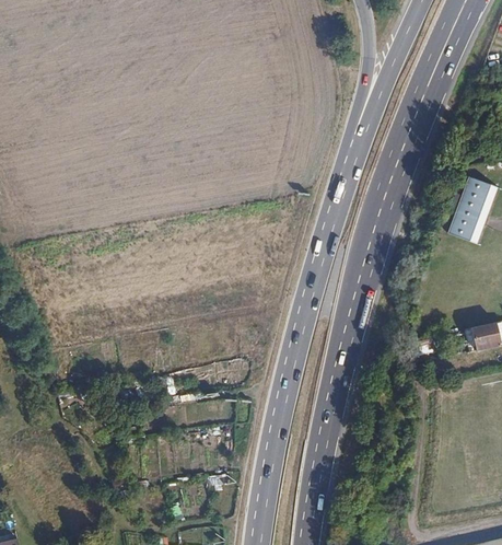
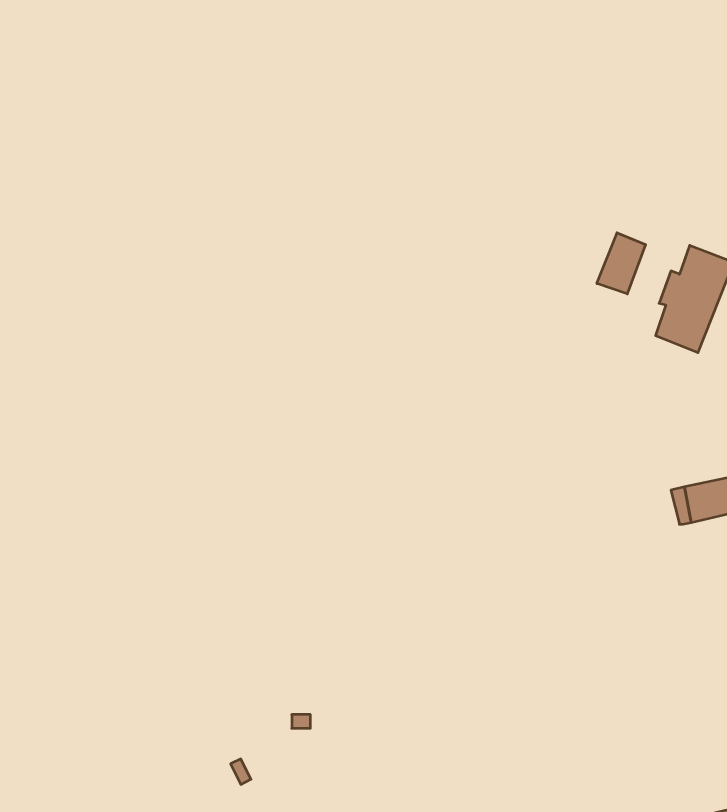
building: none -> [597,233,646,294]

